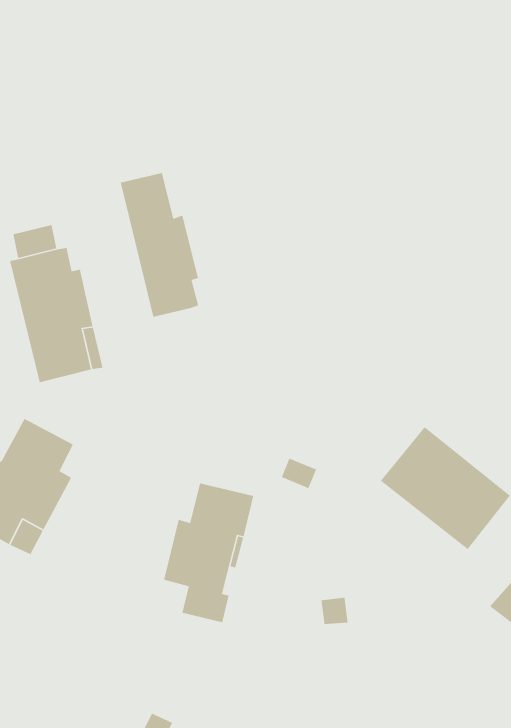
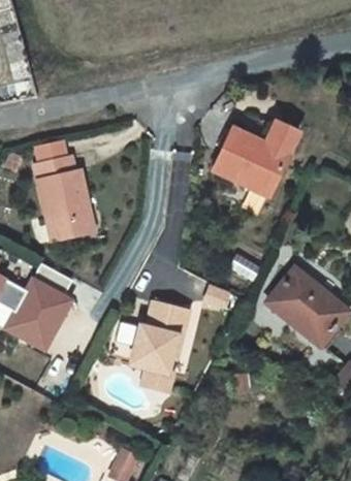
building: [120,172,199,318] -> none
building: none -> [212,122,297,196]

